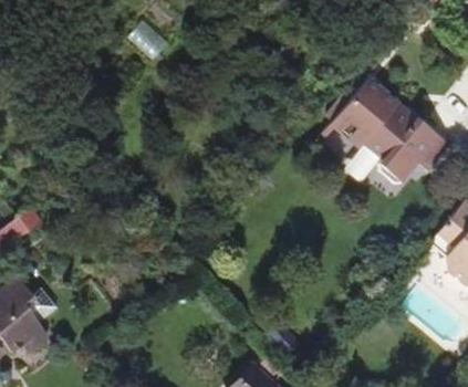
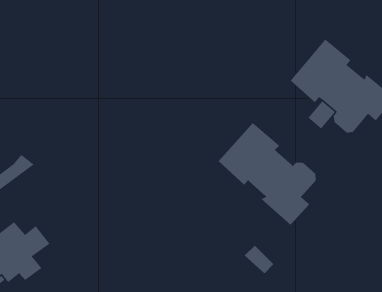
building: none -> [218,122,317,226]

